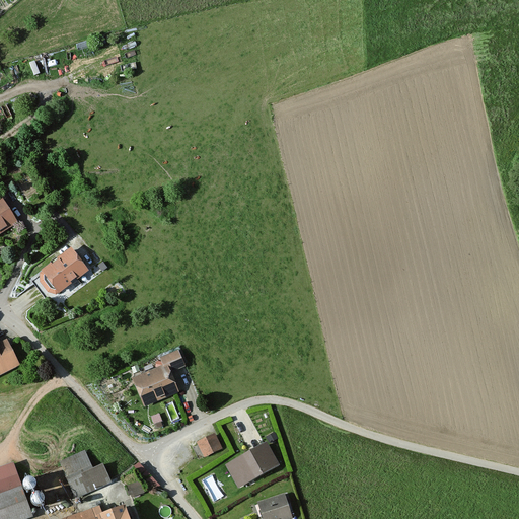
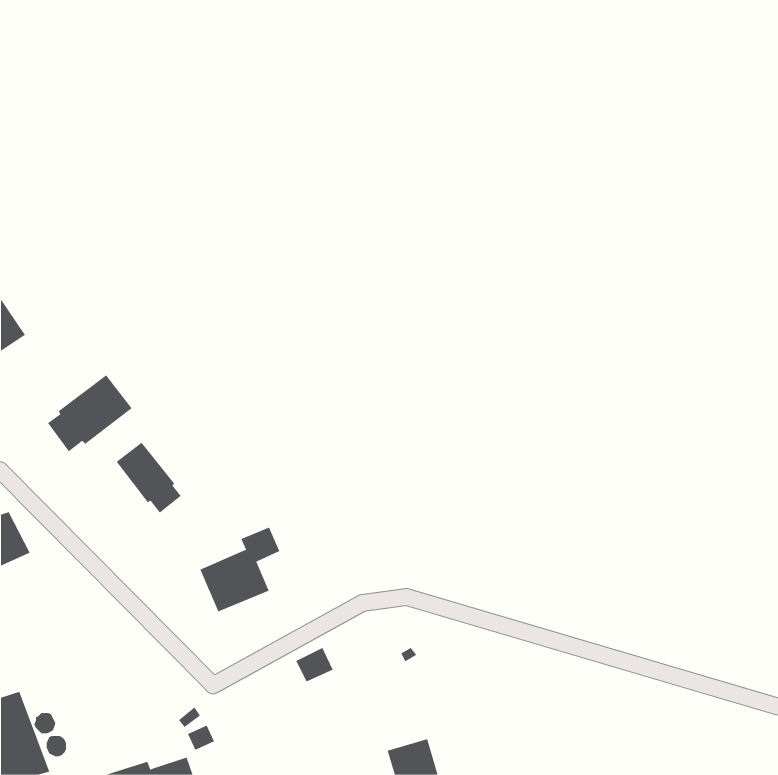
building: none -> [116,442,181,514]
building: [225,440,279,486] -> none
building: [58,451,110,499] -> none

